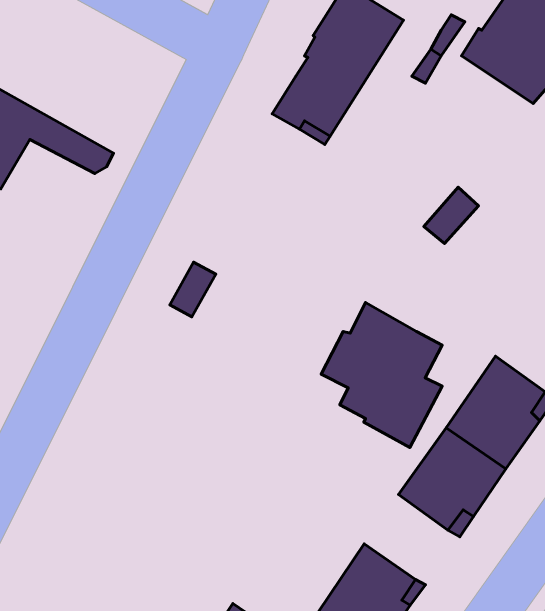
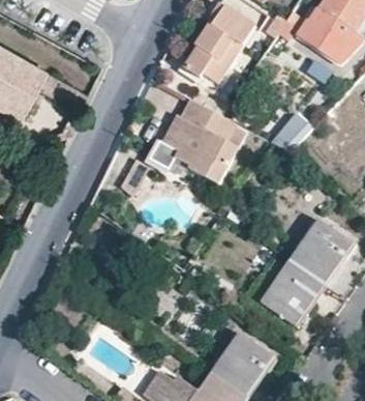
building: [321,303,442,448] -> [163,98,237,187]

